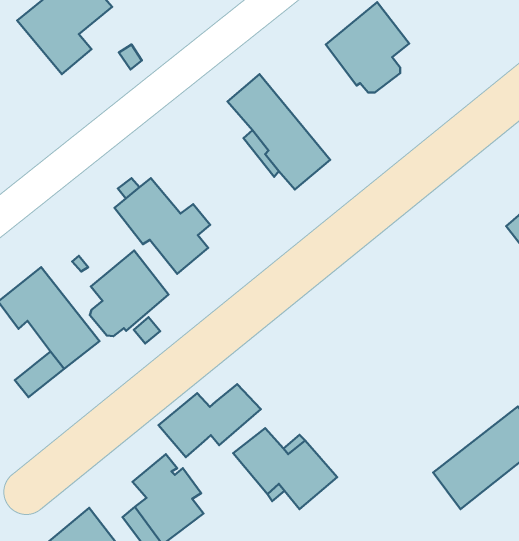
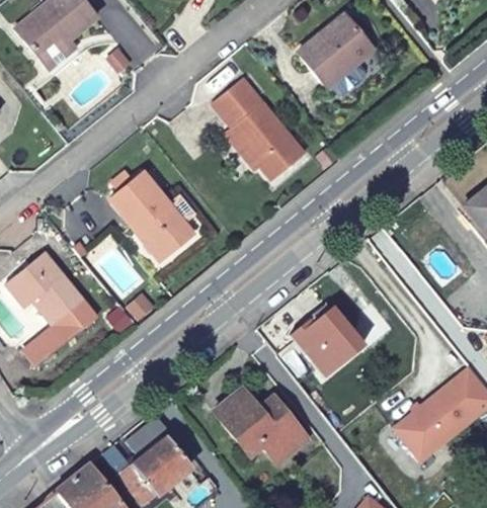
building: [90,250,169,336] -> none
building: none -> [292,309,366,377]
building: [159,384,261,457] -> none

